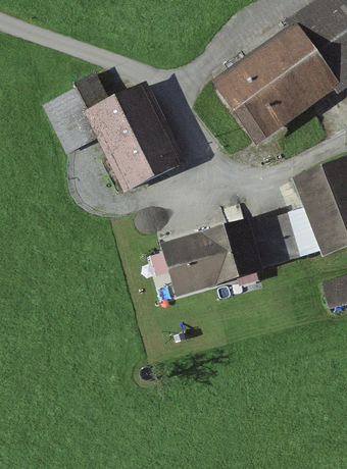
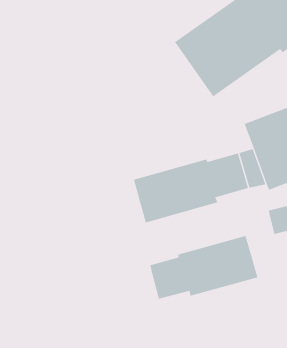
building: [43,70,188,193] -> none
building: none -> [149,235,258,300]

